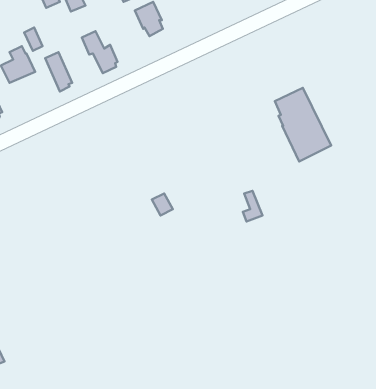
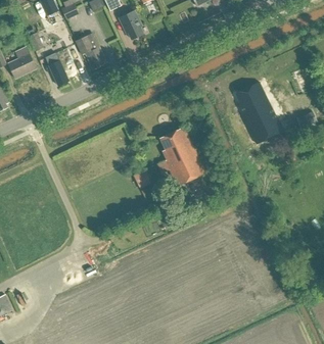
building: none -> [159,126,205,186]

